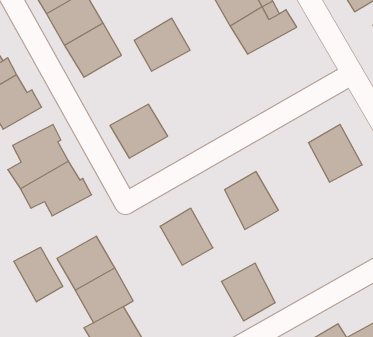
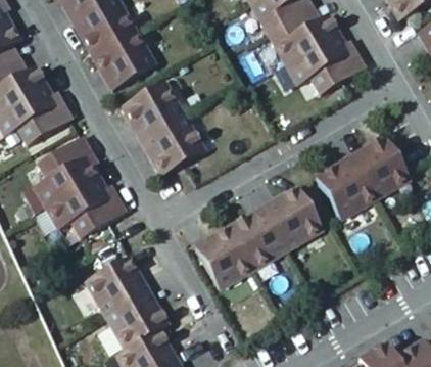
building: [134,18,190,71] -> [123,82,182,138]
building: none -> [287,34,364,92]
building: none -> [317,156,374,218]
building: [14,247,63,302] -> none
building: [221,263,275,321] -> [227,207,284,268]

